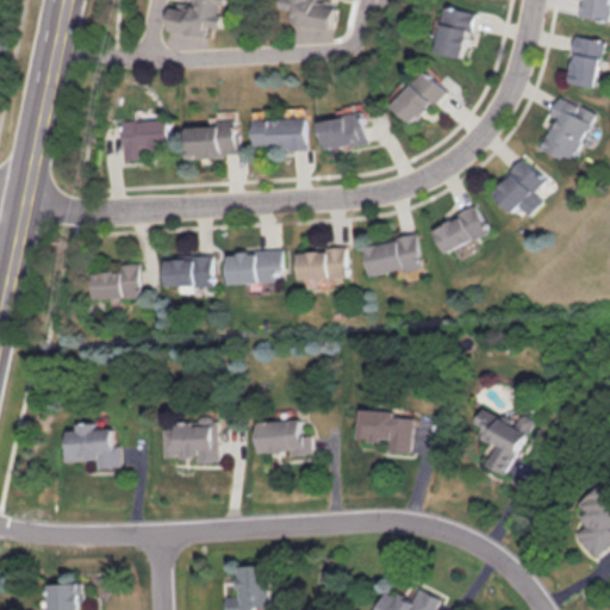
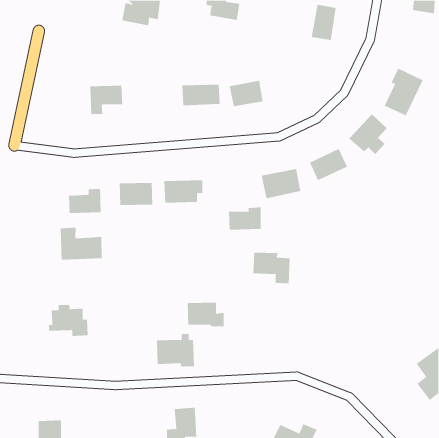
building: [559,37,595,87] -> none
building: [388,71,441,125] -> none
building: [188,119,237,158] -> none
building: [297,247,343,279] -> [228,207,262,230]
building: none -> [60,227,102,261]
building: [359,410,411,454] -> [253,252,290,284]
building: [471,410,533,475] -> none
building: [166,416,219,462] -> [156,333,195,367]

